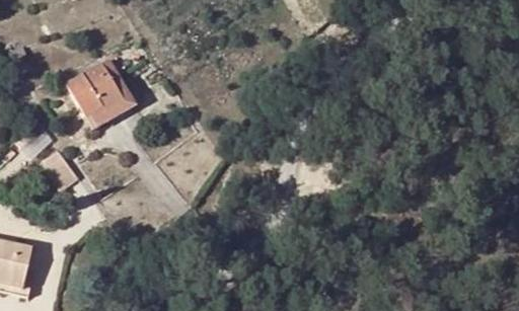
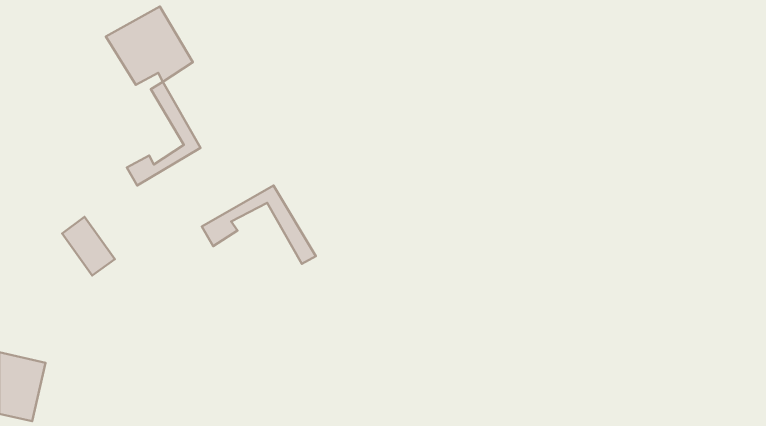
building: [66,65,125,118] -> [106,7,193,85]
building: none -> [202,185,316,264]

